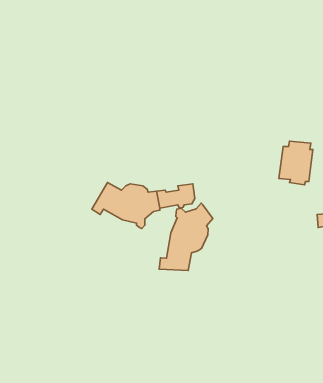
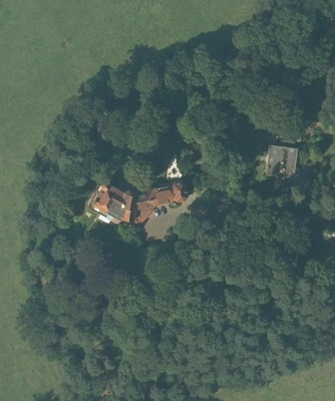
building: [159,203,213,271] -> none

